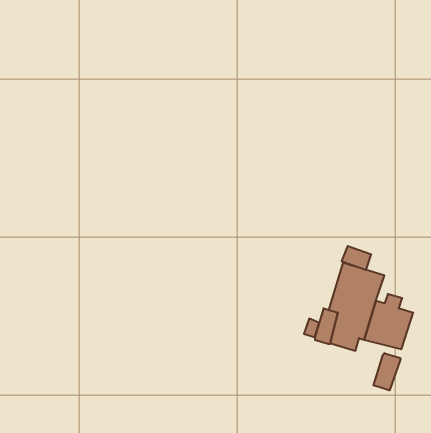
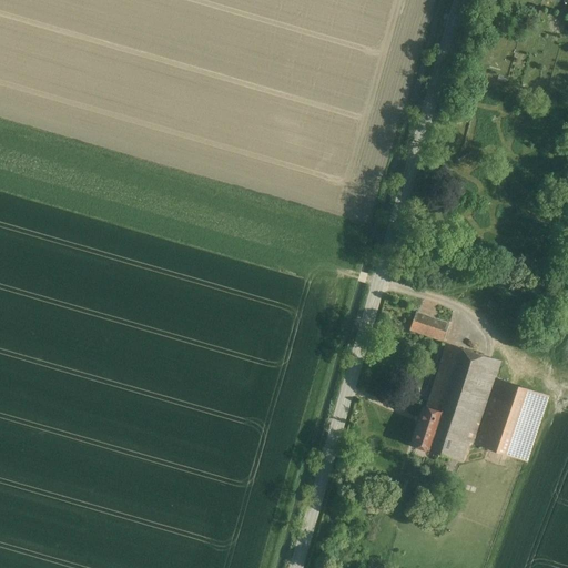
building: [342,246,371,270] -> [408,310,447,341]
building: [373,353,400,390] -> none

